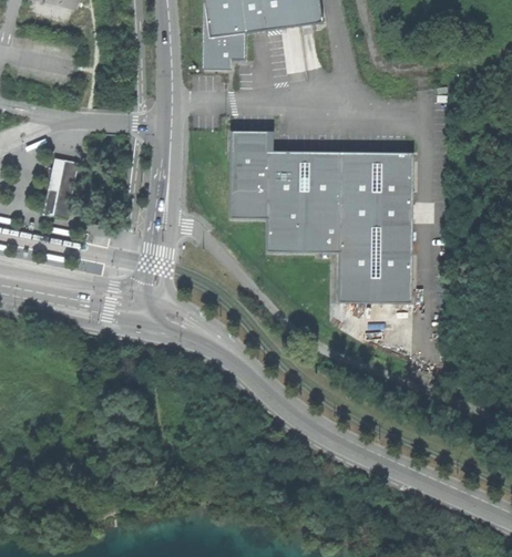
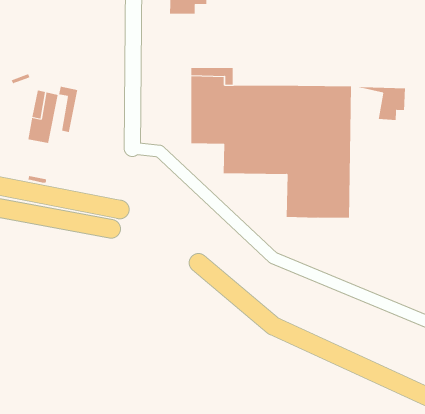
building: none -> [59,86,78,133]
building: none -> [352,86,406,121]

